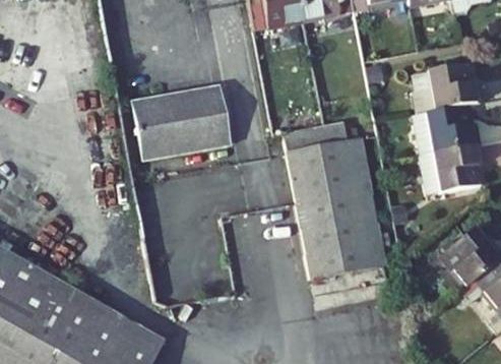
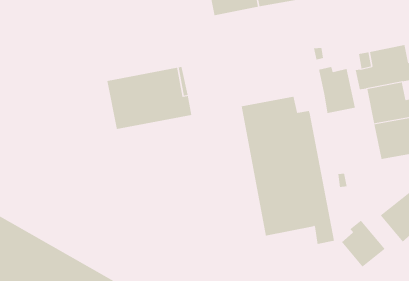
building: none -> [319,66,355,114]
building: none -> [341,220,385,267]

